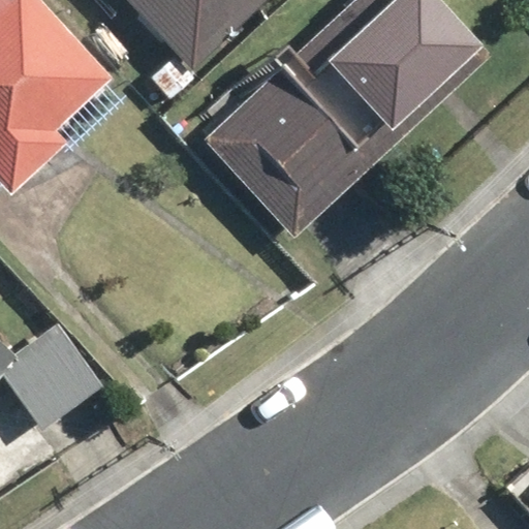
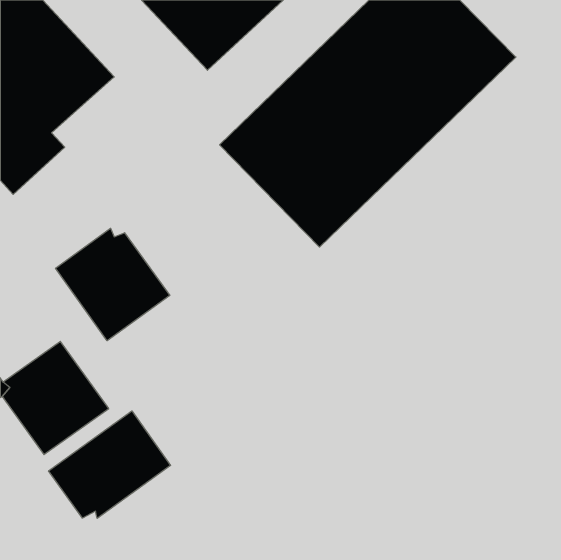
building: none -> [56,228,170,341]
building: none -> [49,411,171,518]

